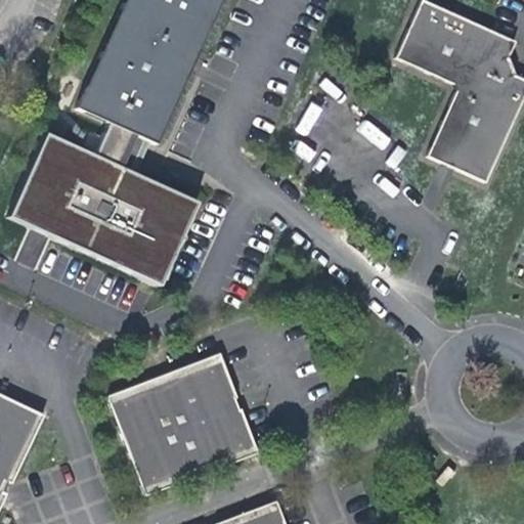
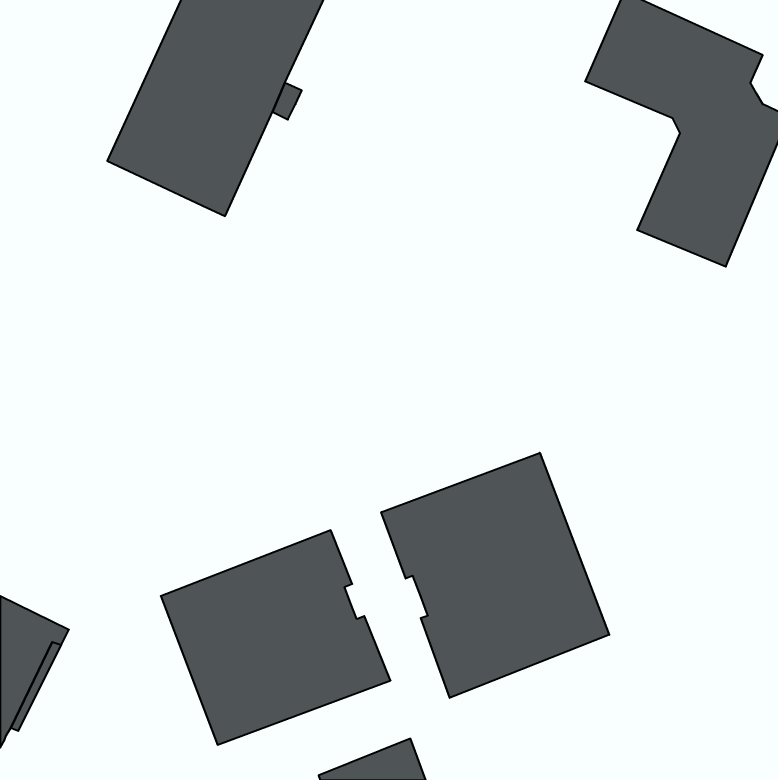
building: [12,123,194,286] -> none
building: none -> [381,453,609,698]

